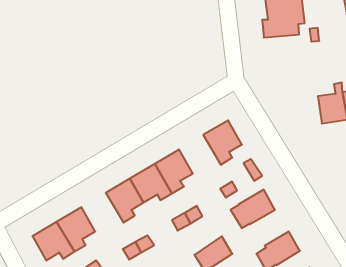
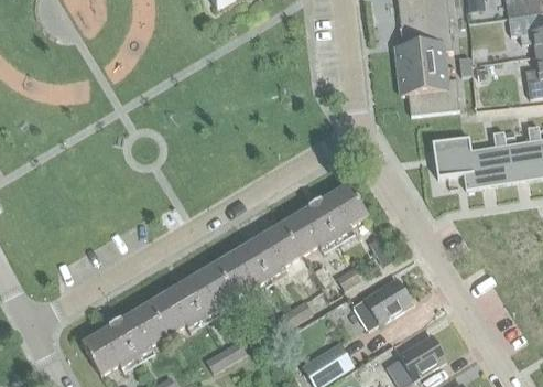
building: none -> [397,64,459,114]
building: none -> [432,136,476,187]
building: none -> [281,202,338,255]
building: none -> [148,281,205,334]

